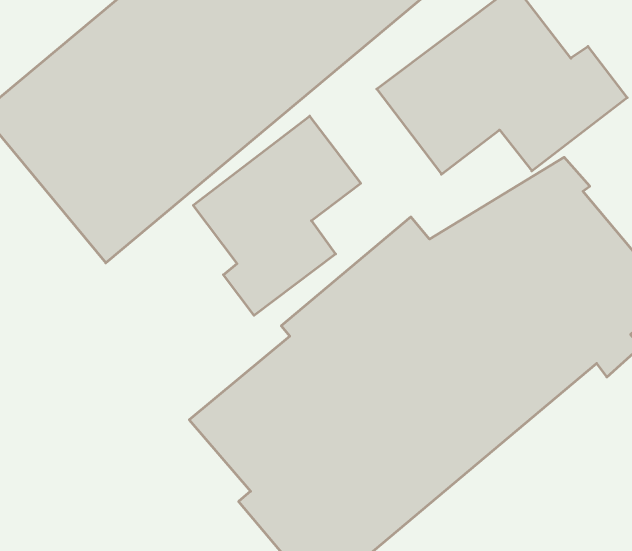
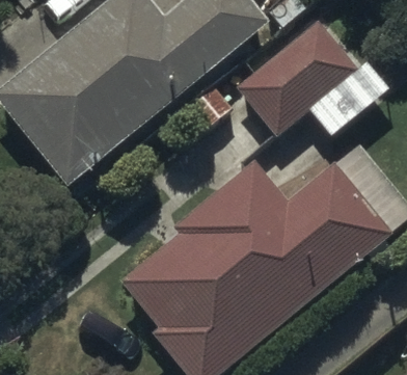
building: [193,116,361,315] -> none

